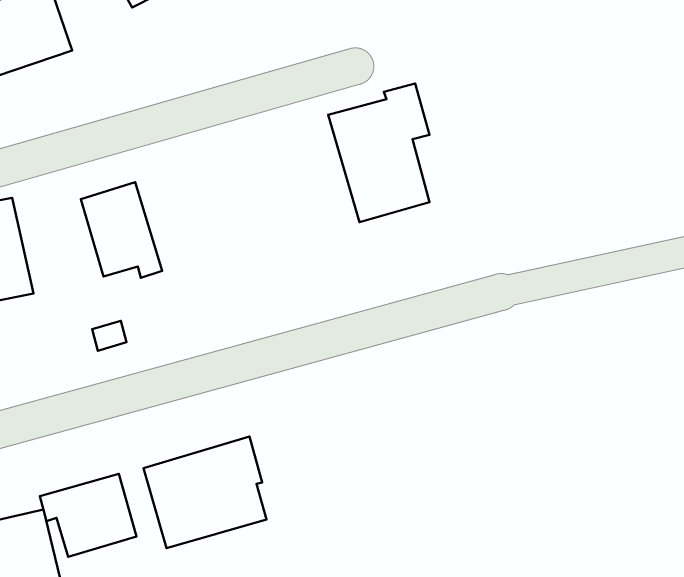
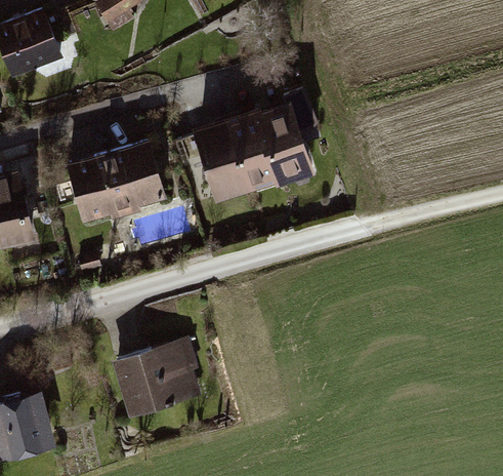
building: none -> [193,107,265,198]
building: none -> [104,141,170,219]
building: [40,474,136,557] -> none

